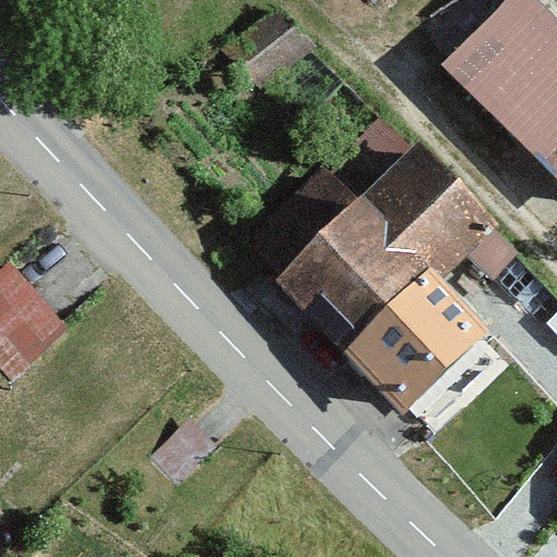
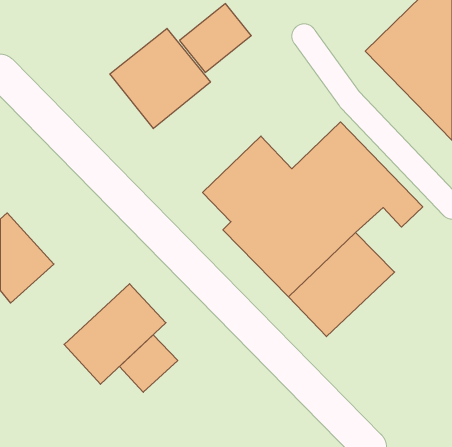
building: none -> [110,28,210,129]
building: none -> [64,284,166,384]

